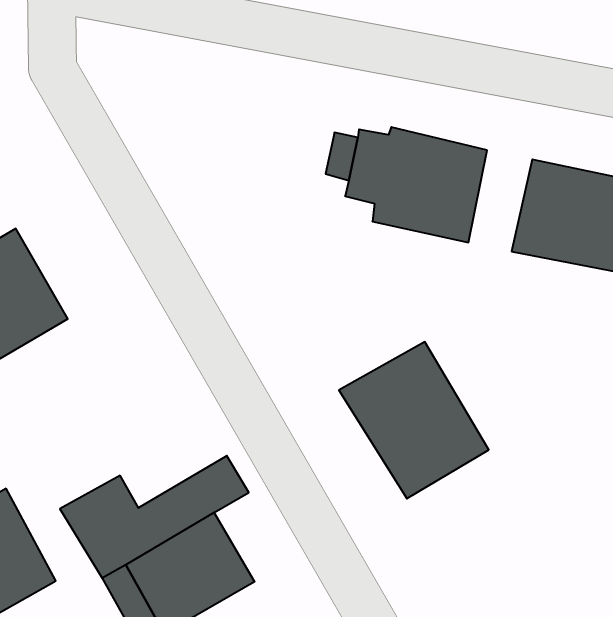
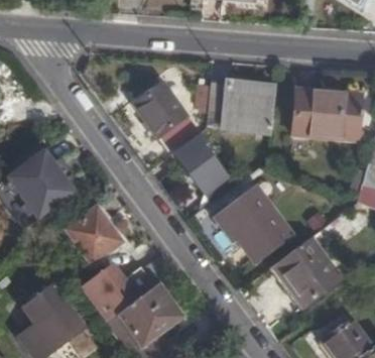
building: none -> [133,83,197,150]
building: none -> [171,132,229,197]
building: none -> [66,206,123,264]
building: none -> [270,236,341,306]

